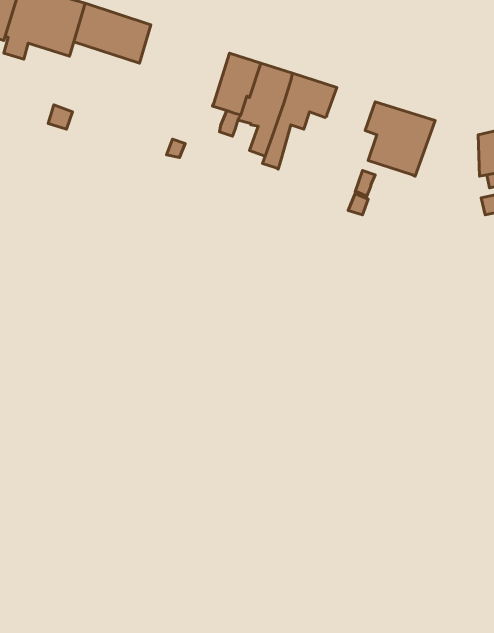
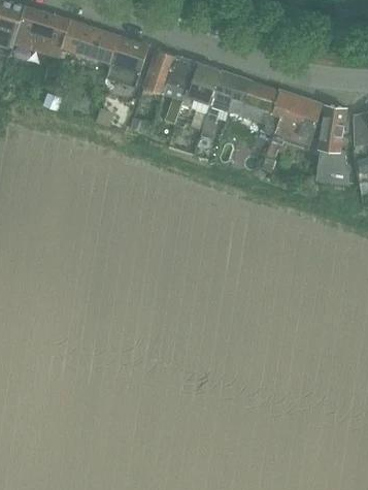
building: none -> [105,35,148,87]
building: none -> [143,48,174,92]
building: none -> [228,80,280,133]
building: none -> [314,105,346,182]

